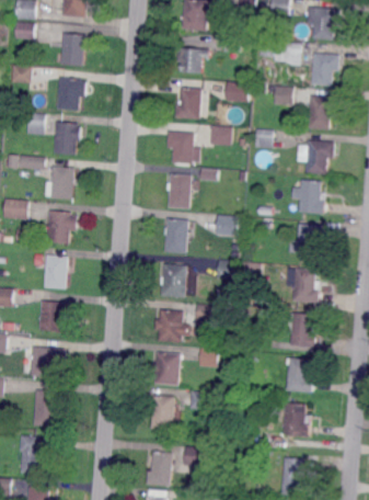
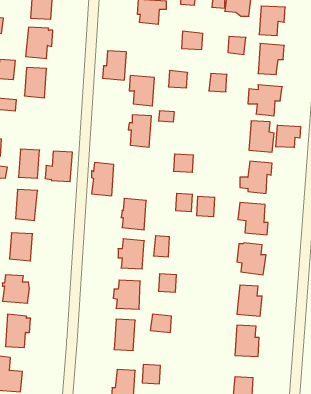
building: [174,88,200,120] -> [102,51,126,80]
building: [43,167,72,200] -> [45,151,72,181]
building: none -> [276,125,301,148]
building: [164,217,188,253] -> [92,163,114,196]

